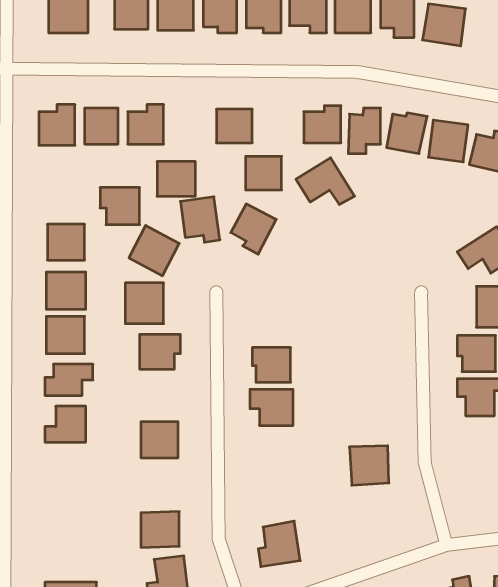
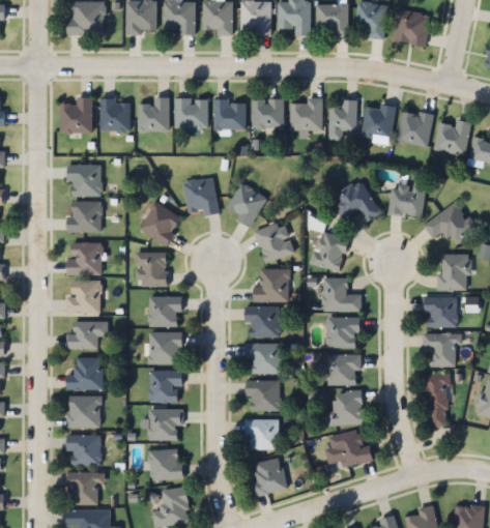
building: [246,156,282,190] -> [252,99,283,128]
building: [296,158,355,204] -> [330,181,381,222]
building: [157,162,195,196] -> [175,98,208,128]
building: [100,188,140,225] -> [66,165,100,197]
building: none -> [388,183,425,217]
building: none -> [255,222,294,263]
building: none -> [311,232,349,271]
building: none -> [253,269,289,301]
building: none -> [322,278,362,311]
building: none -> [326,318,361,348]
building: none -> [147,332,182,364]
building: none -> [325,355,359,385]
building: none -> [424,374,448,428]
building: none -> [243,381,279,411]
building: none -> [67,397,100,429]
building: none -> [148,410,181,440]
building: none -> [246,419,278,449]
building: none -> [325,431,374,470]
building: none -> [66,435,100,466]
building: none -> [66,472,100,505]

